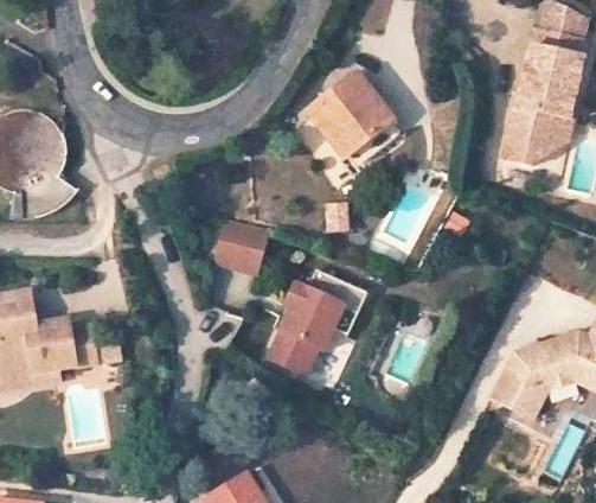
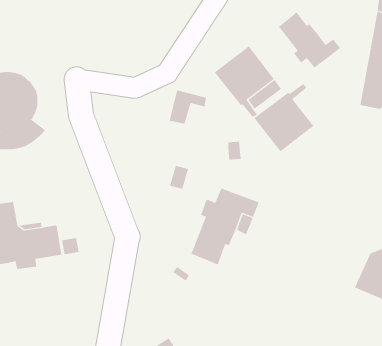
building: none -> [278,12,341,68]
building: none -> [253,83,314,152]
building: [222,219,274,267] -> [169,90,207,124]

